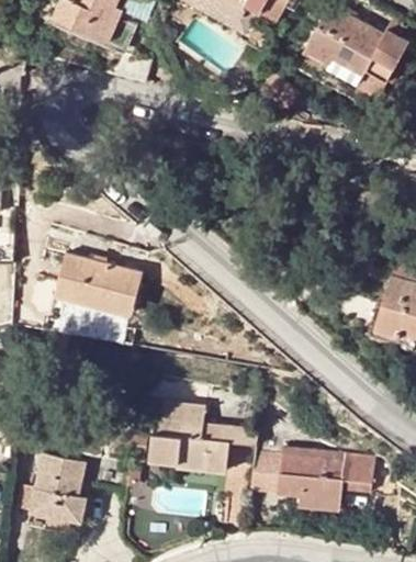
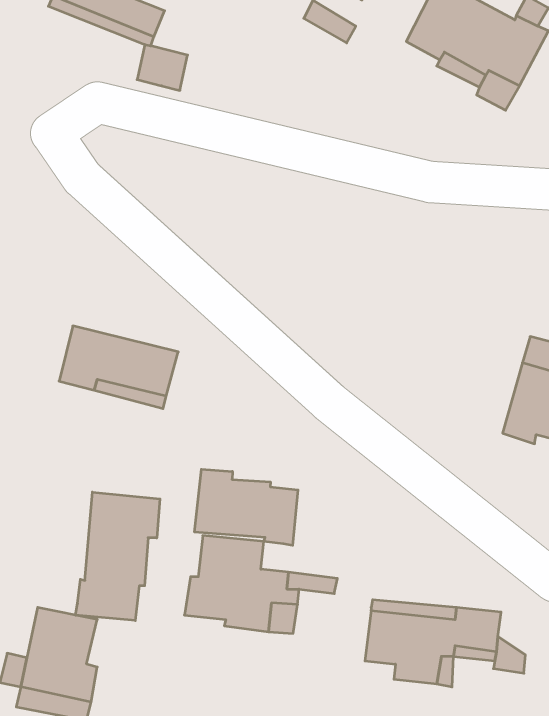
building: none -> [195,469,298,545]
building: none -> [76,492,160,621]
building: [249,452,281,493] -> none

